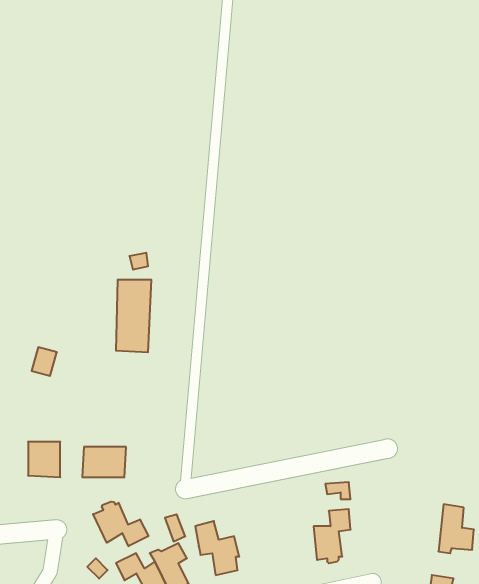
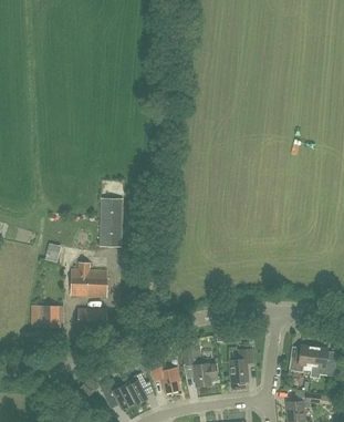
building: none -> [71,261,106,297]
building: [93,502,148,546] -> none
building: none -> [289,344,314,377]
building: none -> [181,346,217,385]

